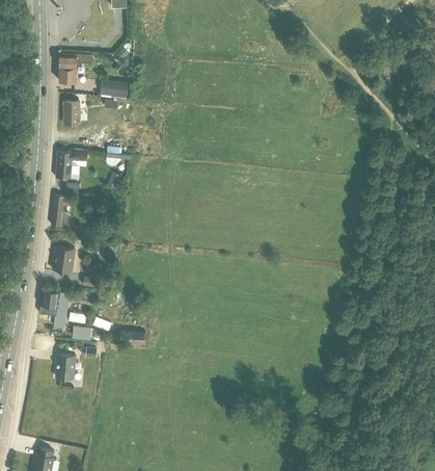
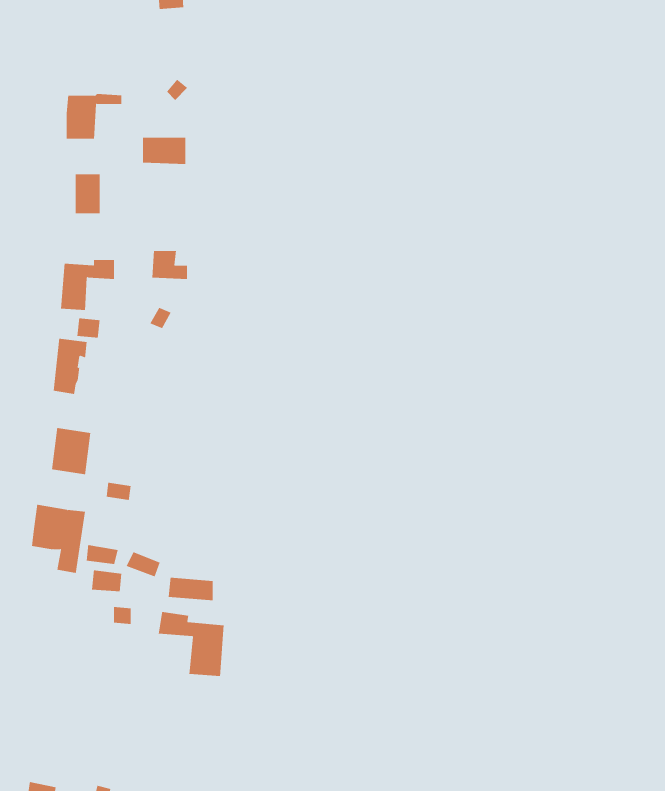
building: none -> [158,611,224,677]
building: [55,354,75,378] -> none

